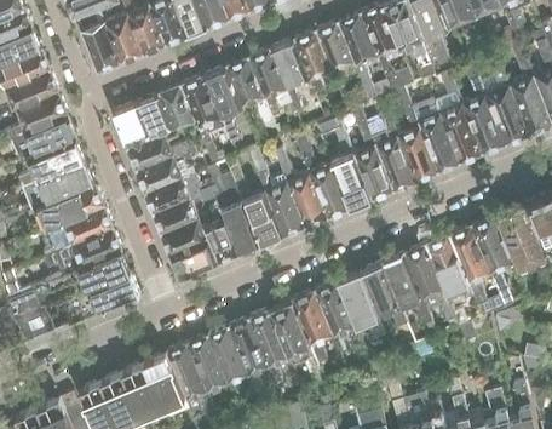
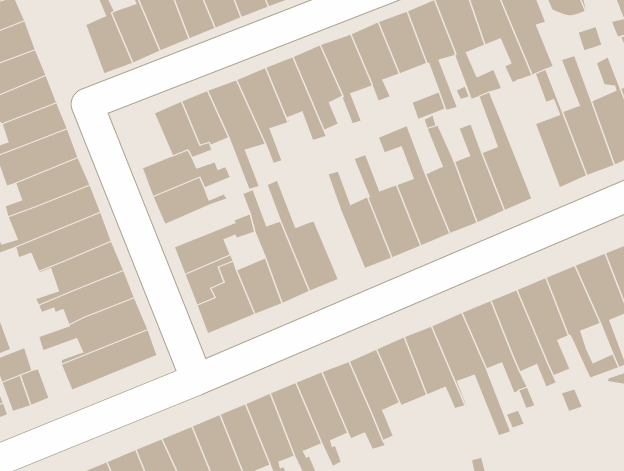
building: [412,98,459,172] -> none
building: [114,104,151,148] -> none
building: [248,147,304,236] -> none
building: [145,172,201,211] -> none

